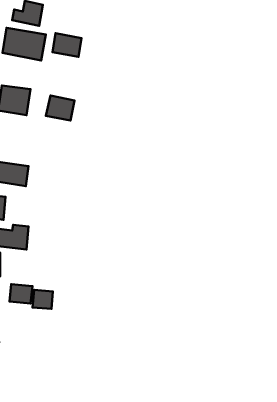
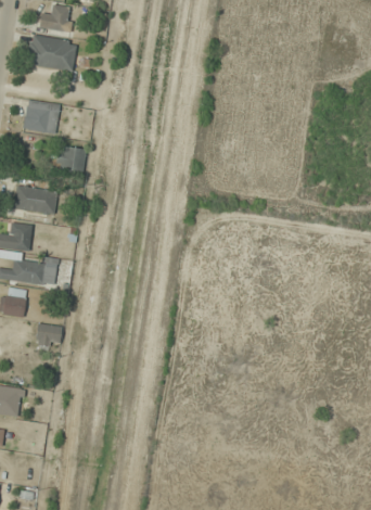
building: [53,33,82,57] -> none
building: [46,96,74,121] -> [54,145,87,174]
building: [32,290,53,309] -> none

